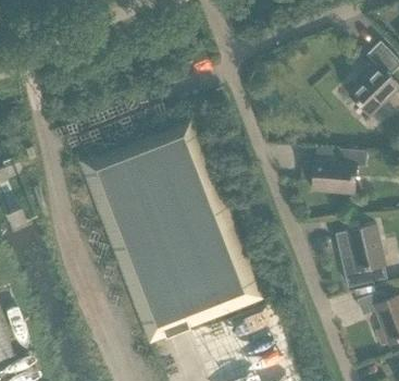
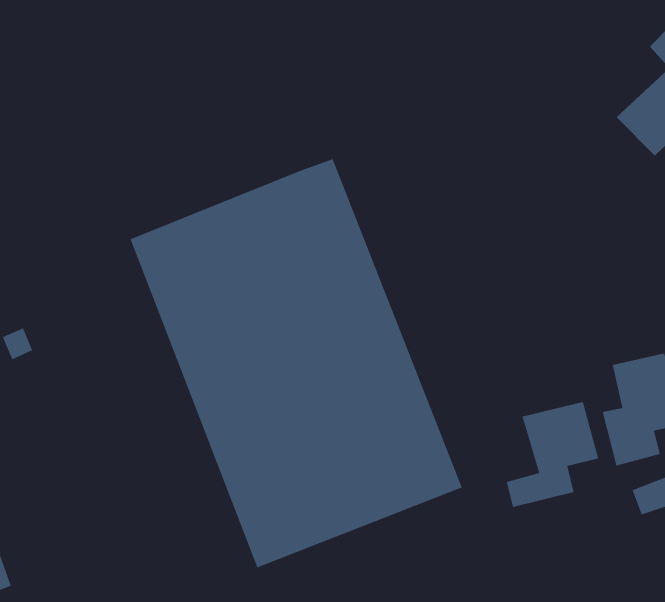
building: [313,149,366,194] -> none
building: none -> [506,401,599,508]

